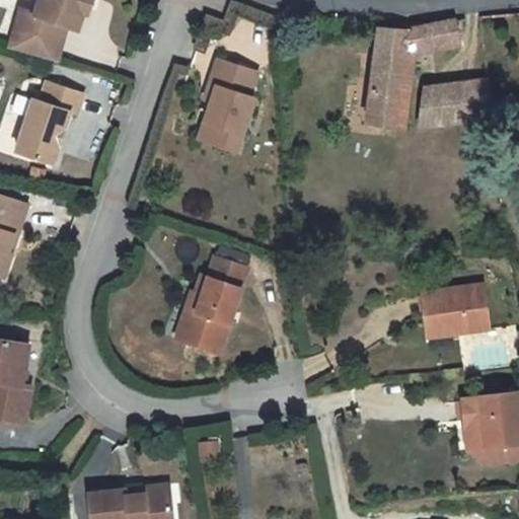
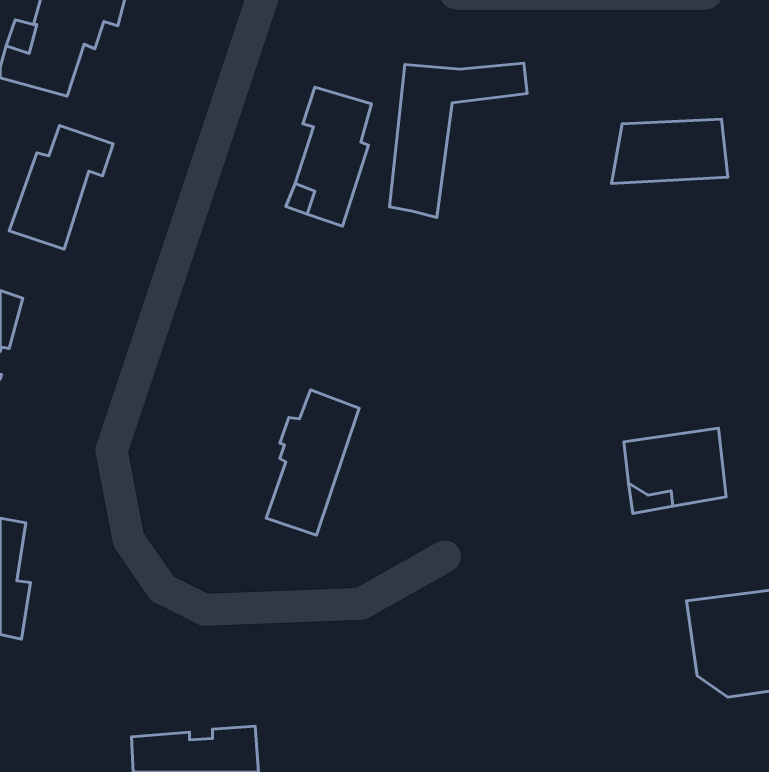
building: [362,21,453,124] -> [389,63,527,217]

